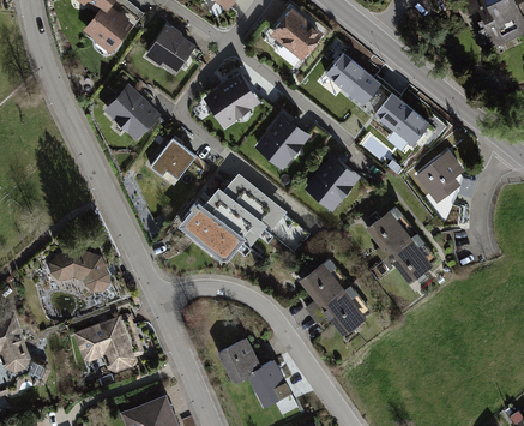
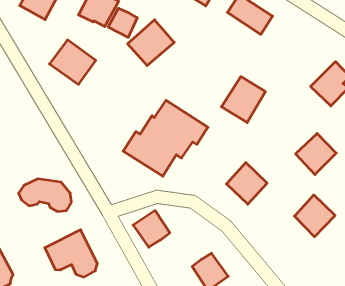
building: none -> [108,8,137,37]
building: [374,94,429,145] -> none
building: [257,112,312,168] -> none
building: [147,136,192,182] -> none
building: [367,205,417,254] -> none
building: [324,286,373,336] -> [294,195,335,237]
building: [217,340,260,383] -> [133,211,170,247]

